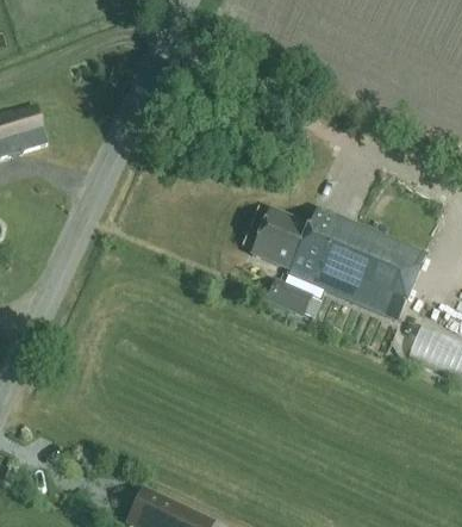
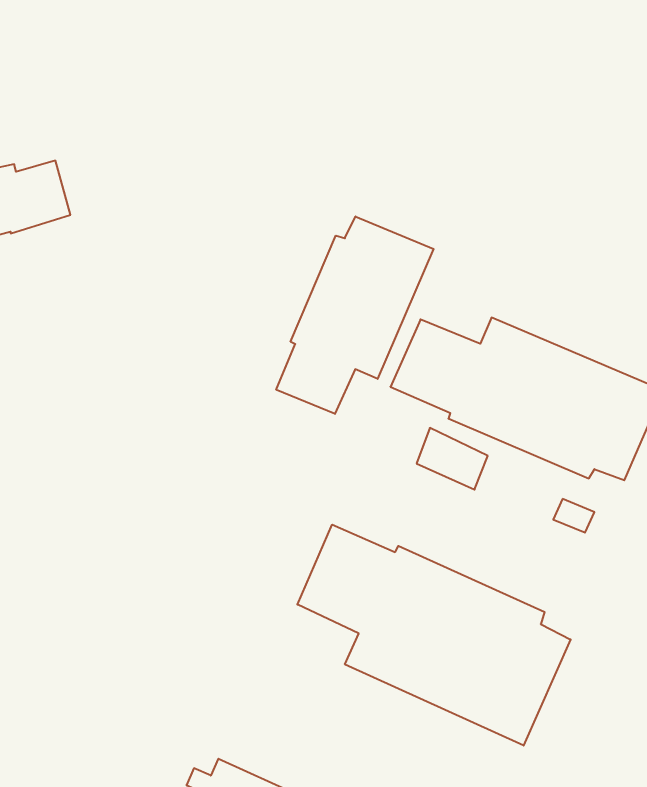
building: none -> [276,216,434,414]
building: none -> [297,525,571,746]

